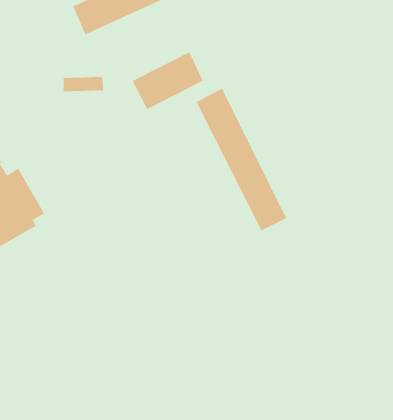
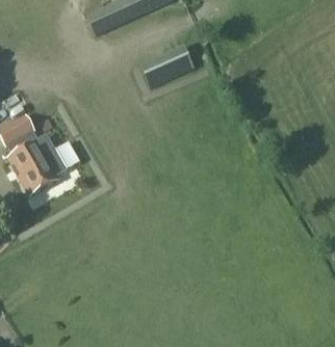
building: [196,88,287,231] -> none

